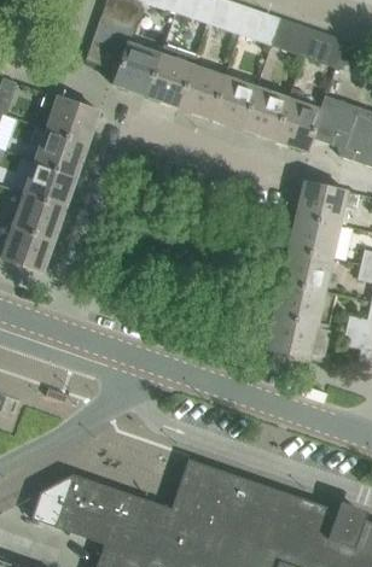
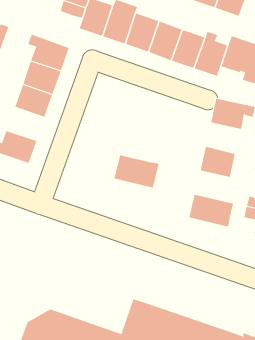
building: [12,194,66,241] -> none
building: [289,216,339,259] -> none
building: [273,282,337,328] -> [113,155,160,188]

